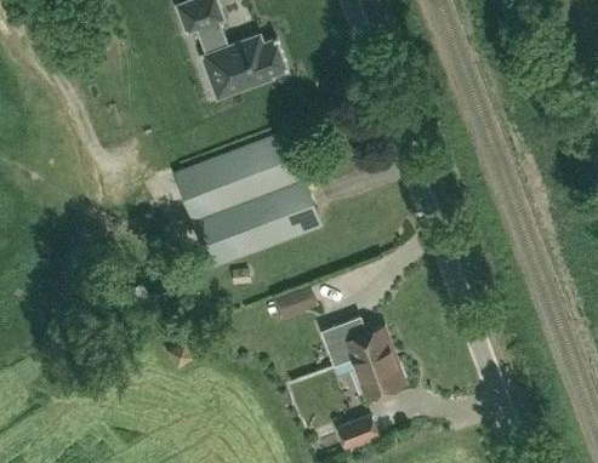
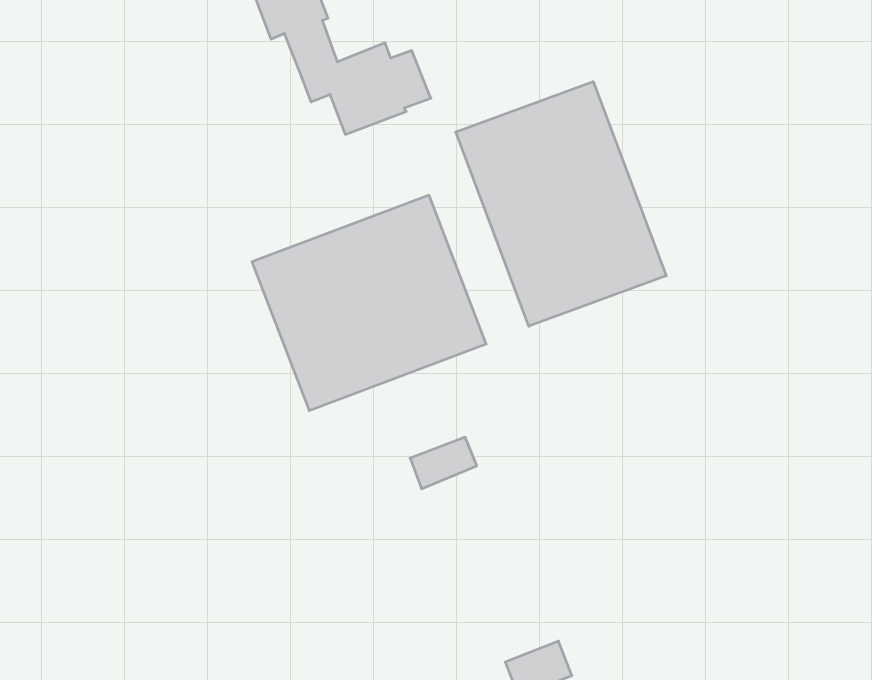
building: none -> [456,82,666,326]
building: [319,318,406,399] -> none

